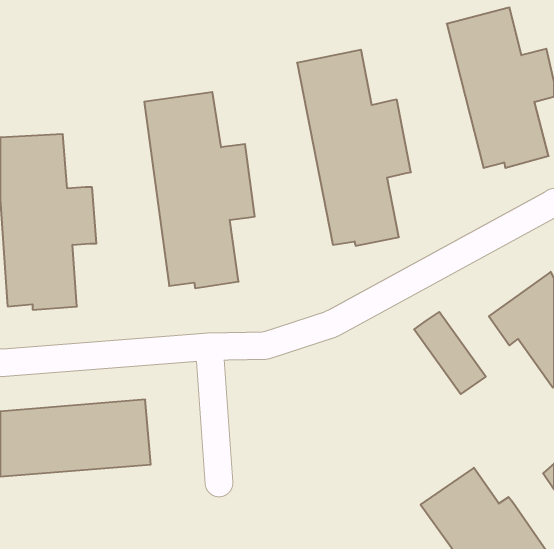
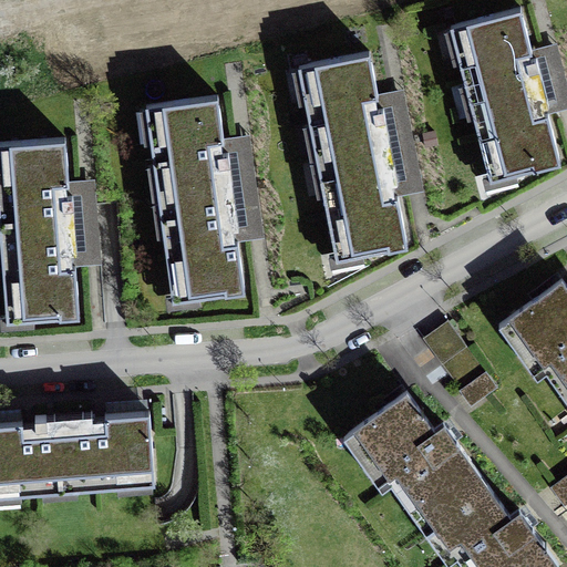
building: none -> [343,394,484,520]

